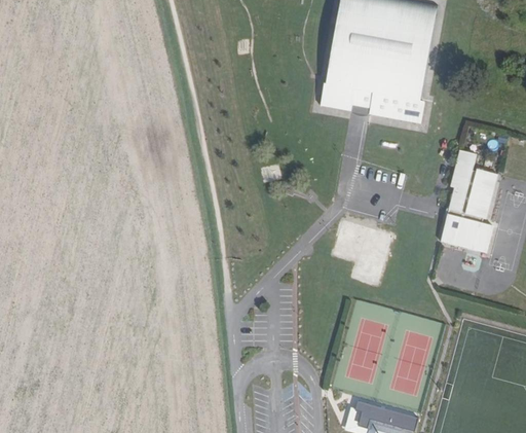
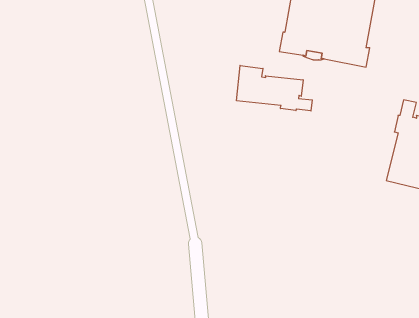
building: none -> [237,65,312,111]

